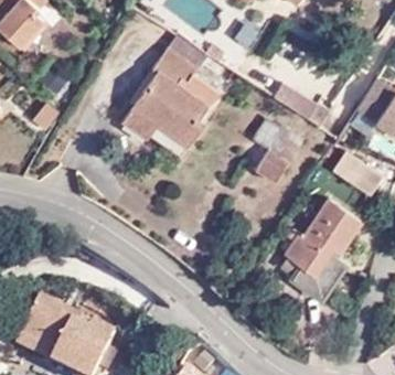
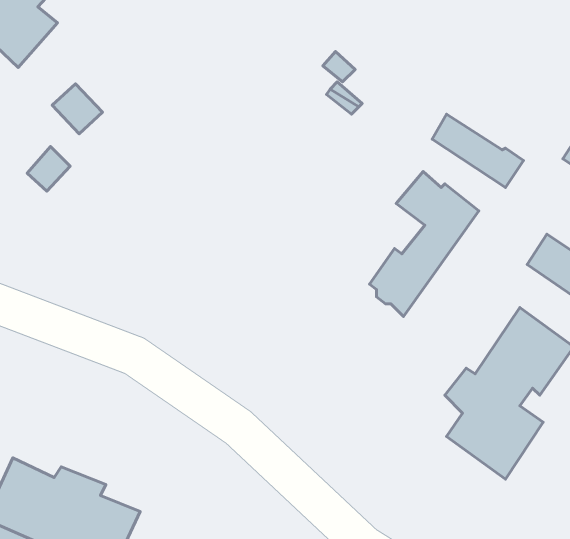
building: [126,46,227,148] -> none

